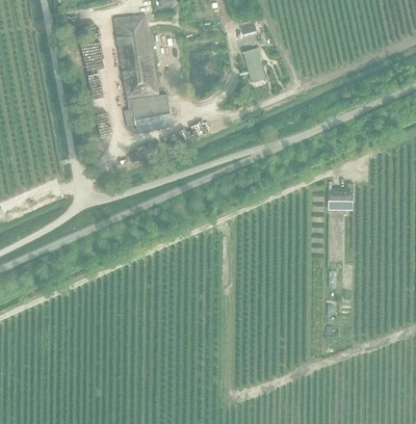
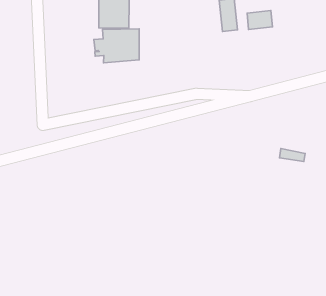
building: none -> [247,11,272,29]

